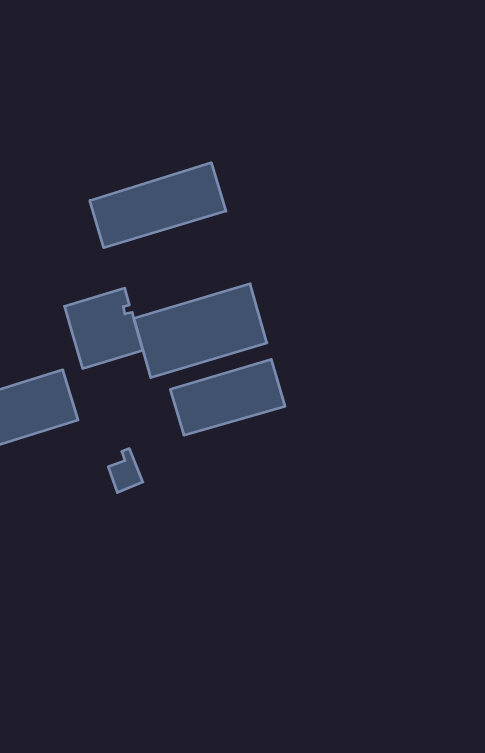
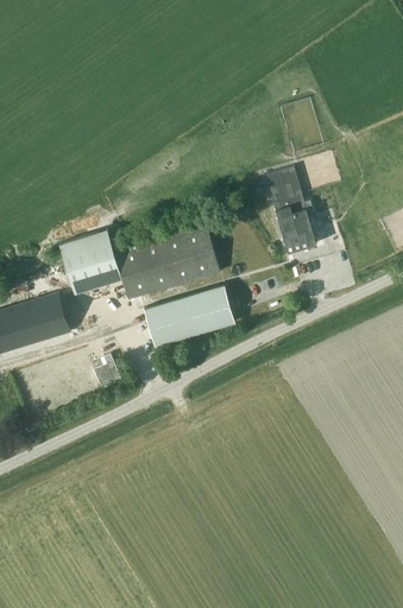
building: [90,163,226,248] -> none
building: none -> [265,167,316,253]

